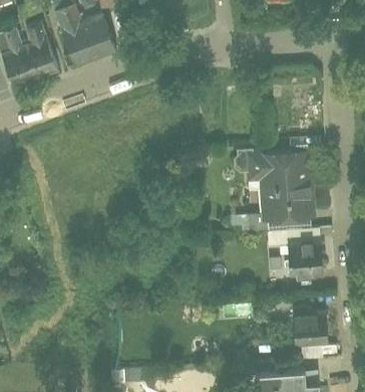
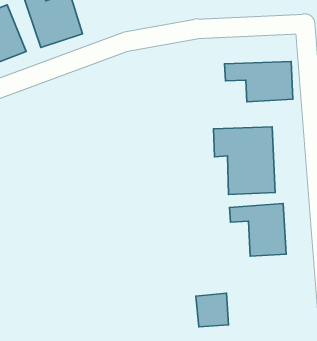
building: none -> [225,61,293,102]
building: [296,307,329,341] -> [196,293,229,327]

